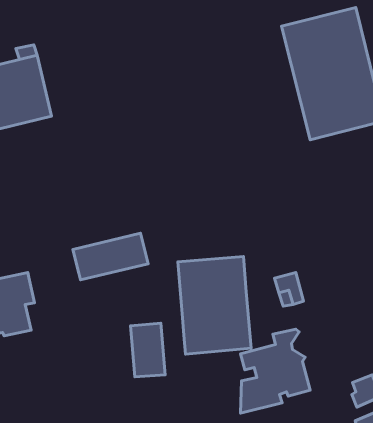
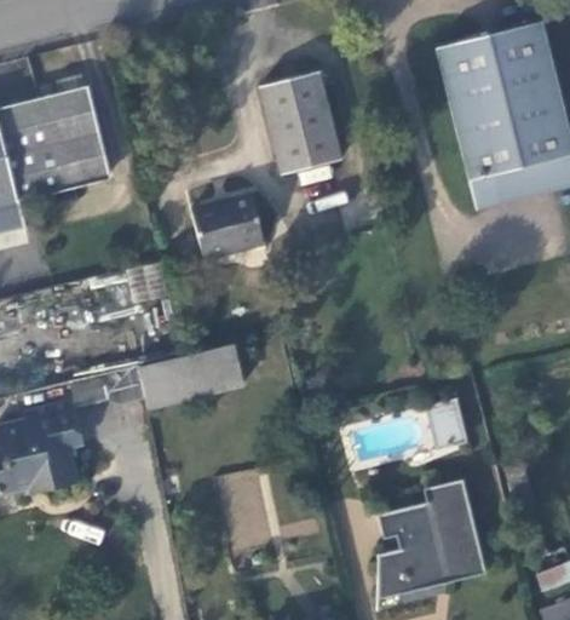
building: none -> [260,70,344,173]
building: none -> [190,191,265,258]
building: none -> [69,364,146,406]
building: [178,256,251,354] -> none

